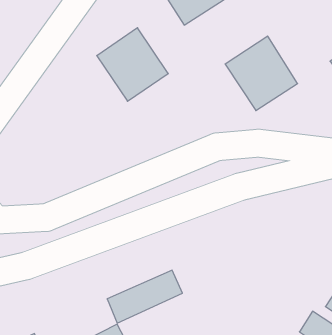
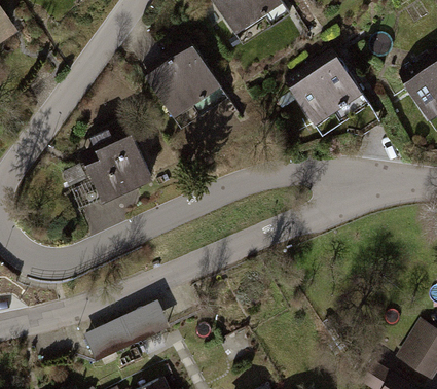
building: none -> [77,133,150,207]
building: [107,270,182,323] -> [86,300,170,359]

